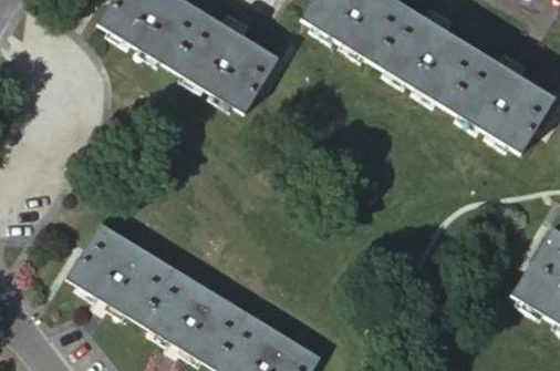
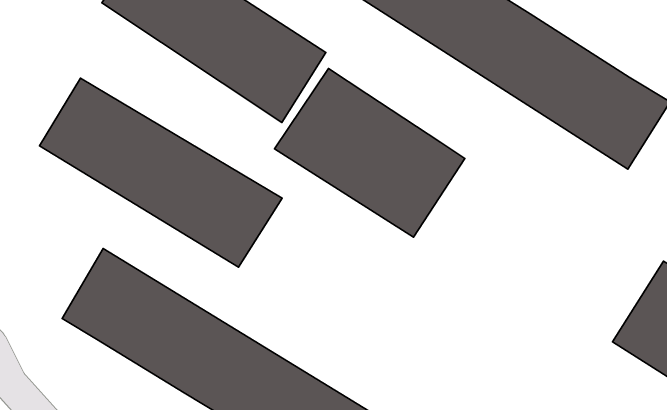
building: none -> [275,68,465,237]
building: none -> [39,78,282,267]

